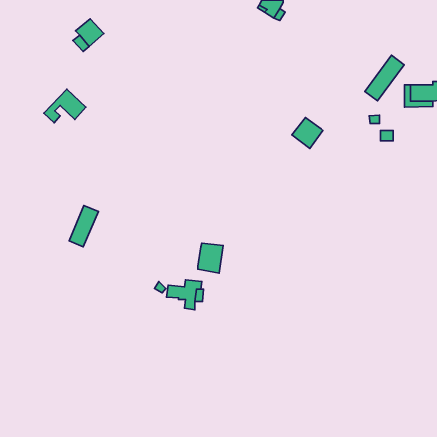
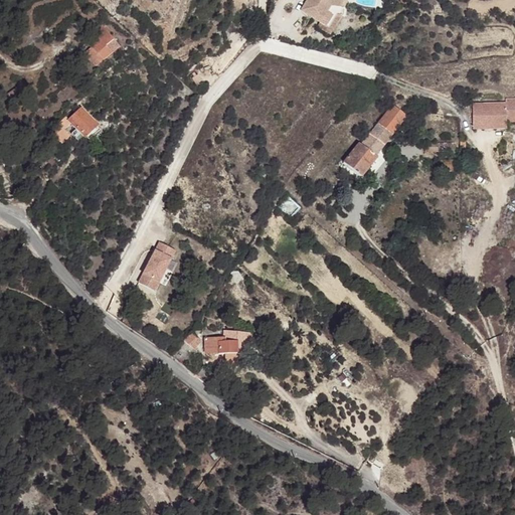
building: [365,55,404,101] -> [363,100,409,153]
building: [69,206,98,247] -> [137,238,171,287]
building: [198,243,223,273] -> none

